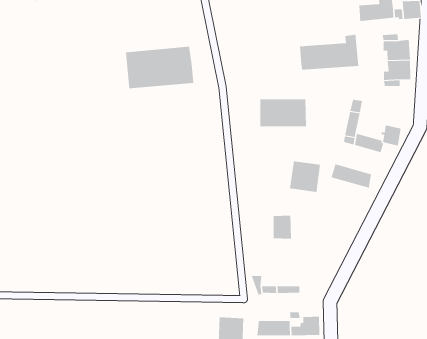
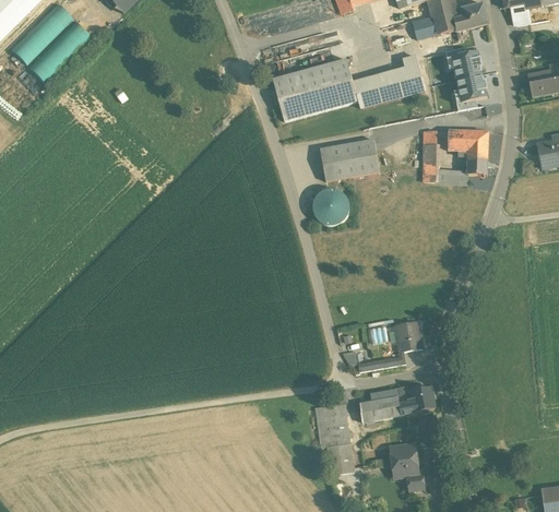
building: [125,46,194,89] -> [273,59,358,120]
building: none -> [448,131,488,155]
building: [289,161,321,192] -> [310,188,344,222]
building: [331,163,371,189] -> none
building: [273,215,292,239] -> [396,320,423,350]

